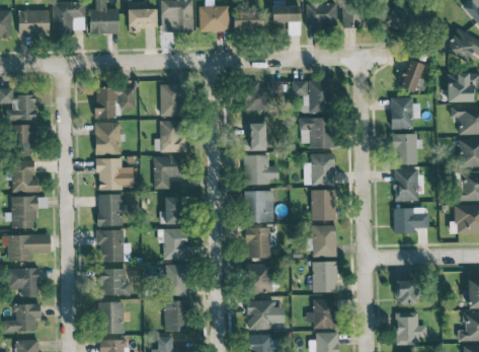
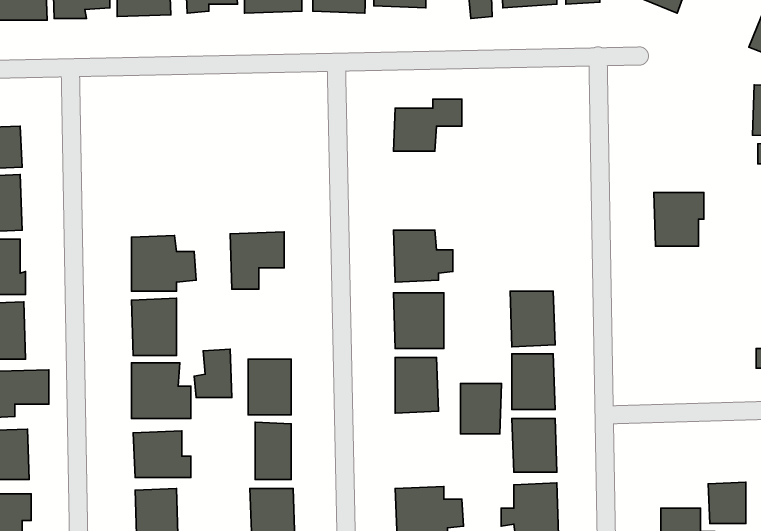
building: [399,59,423,92] -> none
building: [292,81,332,113] -> none
building: [160,84,182,117] -> none
building: [95,87,135,118] -> none
building: [391,97,420,129] -> none
building: [300,118,333,149] -> none
building: [154,121,185,153] -> none
building: [95,123,122,154] -> none
building: [246,123,266,151] -> none
building: [303,153,335,186] -> none
building: [394,167,418,201] -> none
building: [159,197,180,224] -> [194,349,232,398]
building: [394,208,427,234] -> none
building: [249,264,272,292] -> [460,384,502,434]
building: [395,280,416,303] -> [708,482,746,523]

